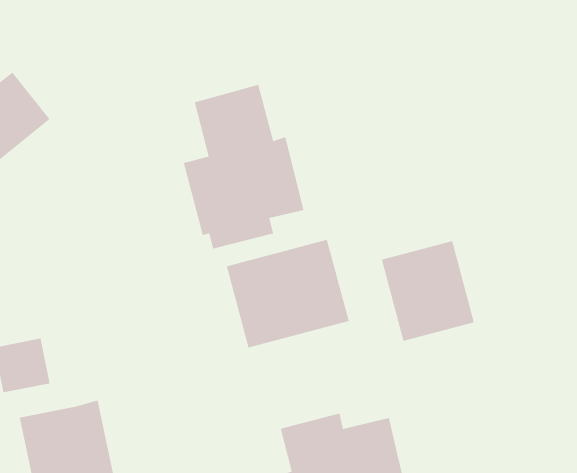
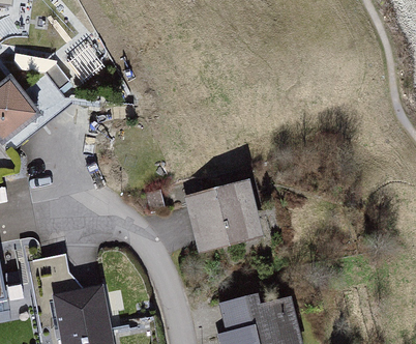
building: [183,84,304,250] -> none
building: [381,240,475,342] -> none

